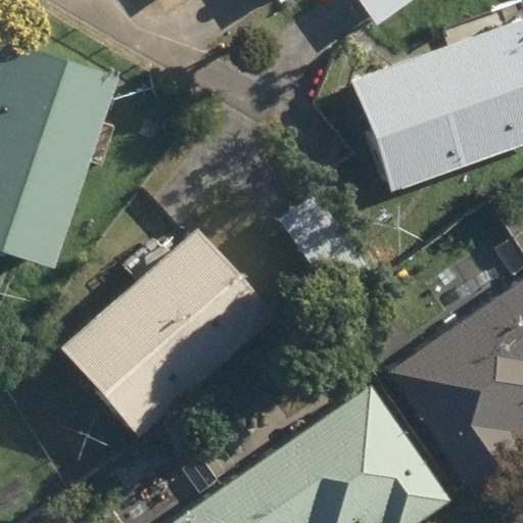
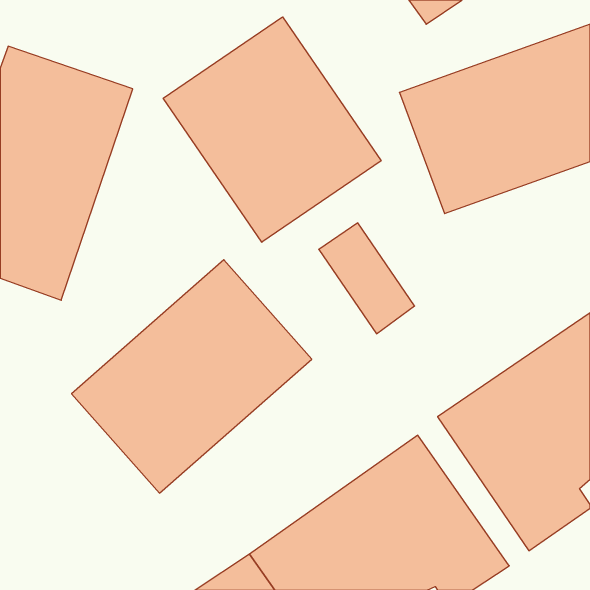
building: none -> [163,17,381,242]

